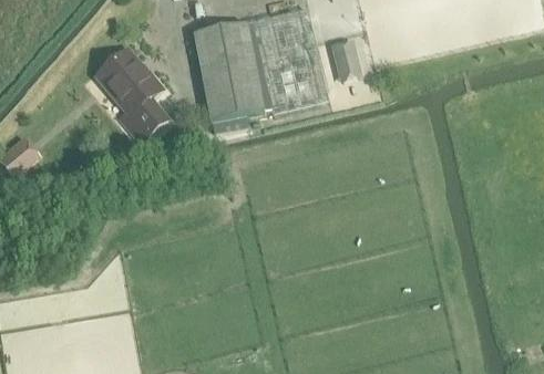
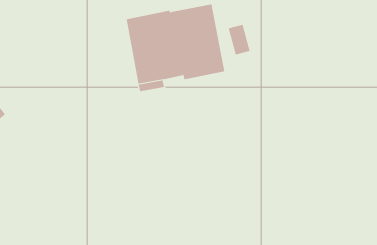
building: [96,48,166,139] -> none

